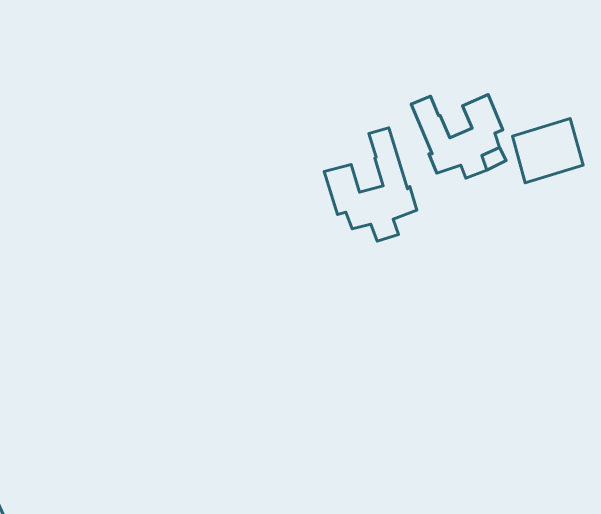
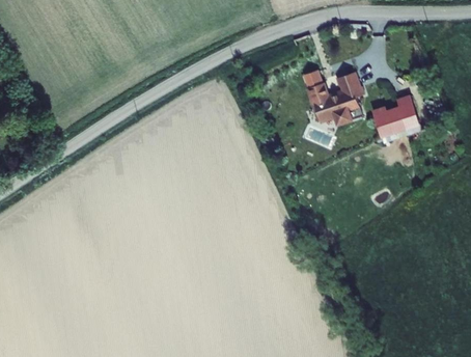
building: [324,128,417,241] -> none

